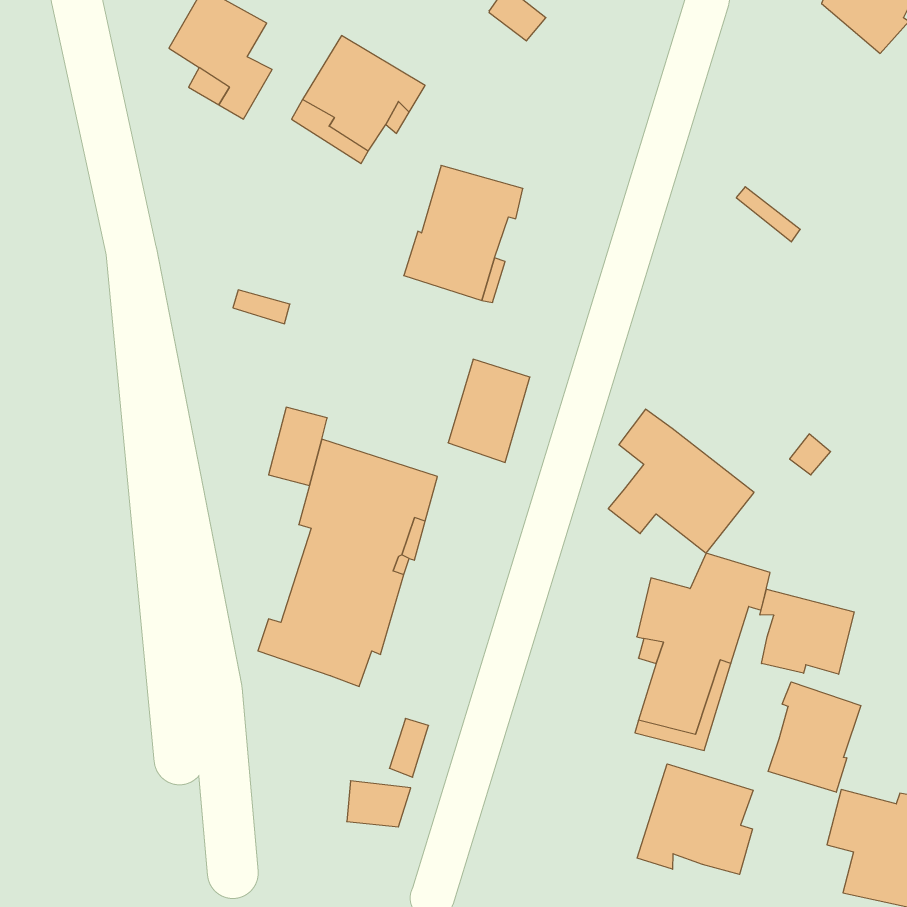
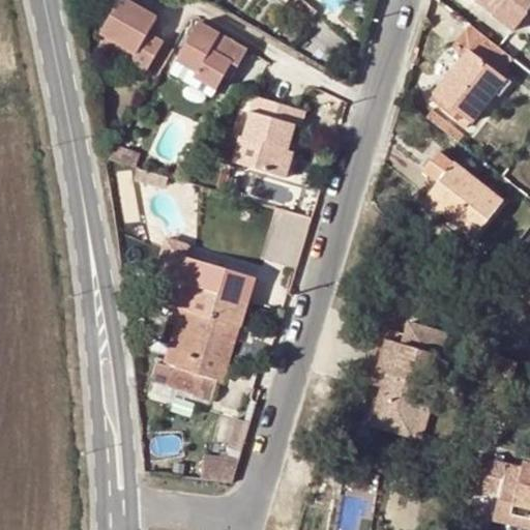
building: none -> [434,31,509,126]
building: [608,409,754,553] -> [418,151,503,235]
building: [760,589,854,674] -> none
building: [768,682,861,792] -> none
building: [637,764,753,874] -> none

